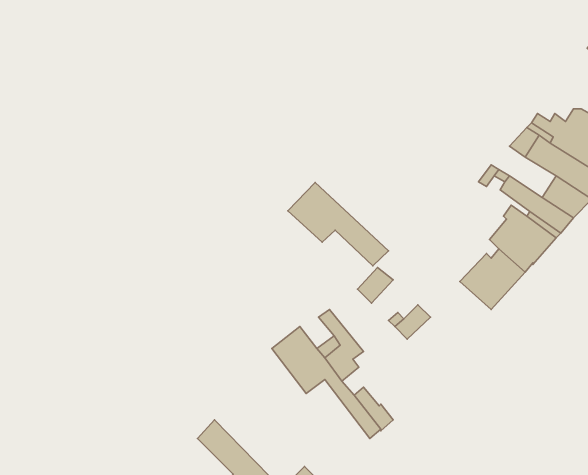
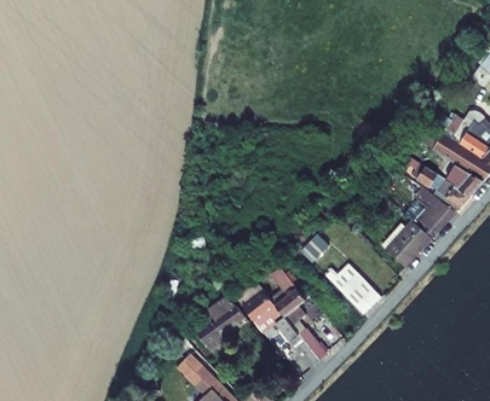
building: [288,182,389,266] -> none
building: none -> [340,273,381,314]
building: none -> [197,297,244,349]

